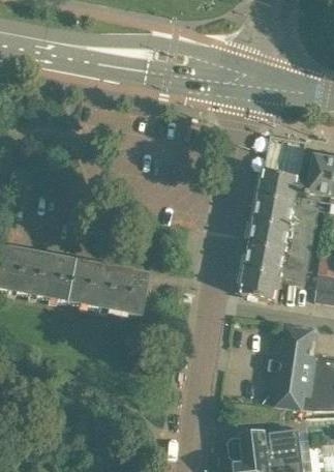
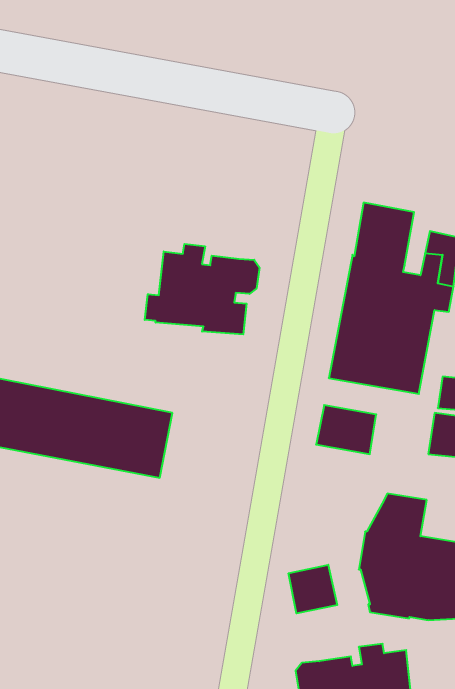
building: none -> [145,244,260,334]
building: [246,250,308,278] -> none
building: none -> [289,565,337,613]

